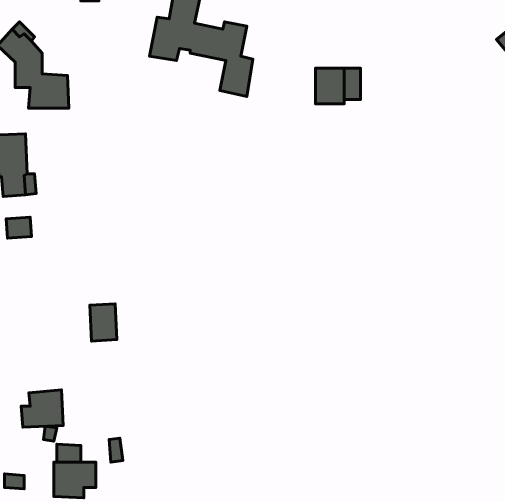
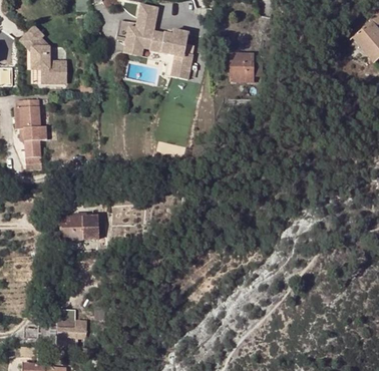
building: [21,390,63,427] -> [54,216,82,241]

